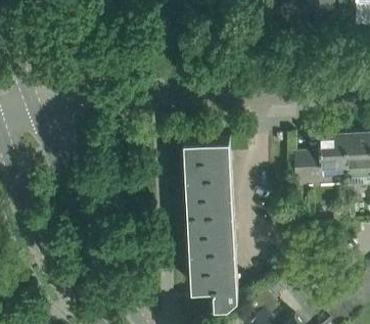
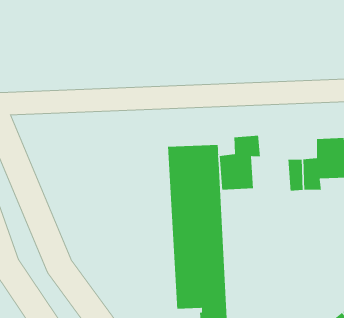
building: none -> [219,135,261,190]

